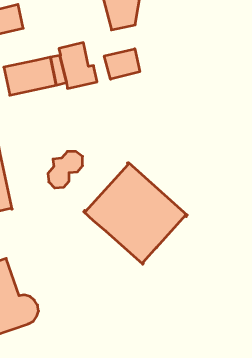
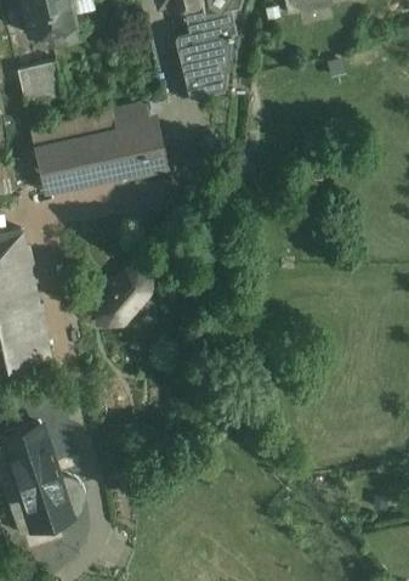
building: [104,49,140,79] -> none
building: [84,163,187,264] -> none

